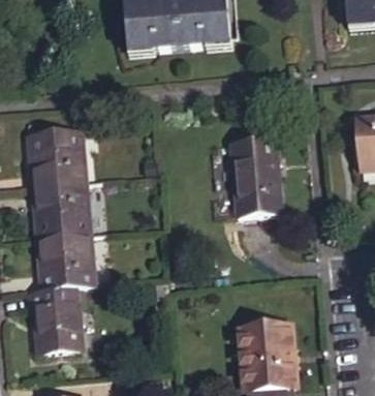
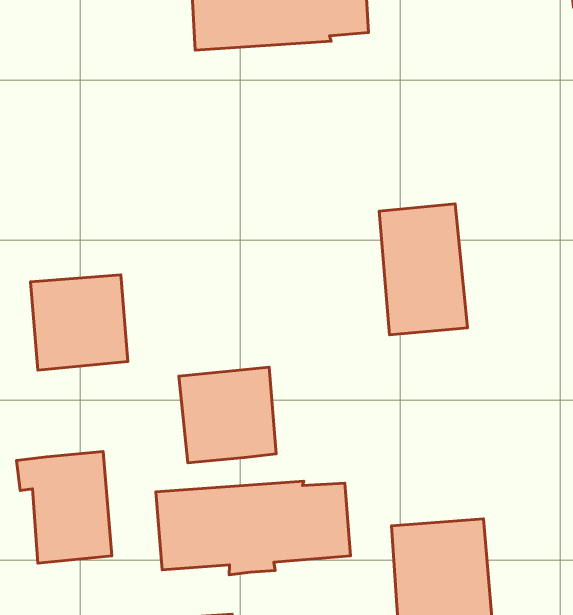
building: [28,130,85,186] -> none
building: [36,233,93,288] -> [179,367,276,463]
building: none -> [156,481,350,575]

